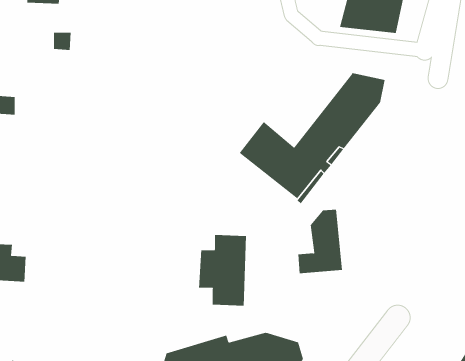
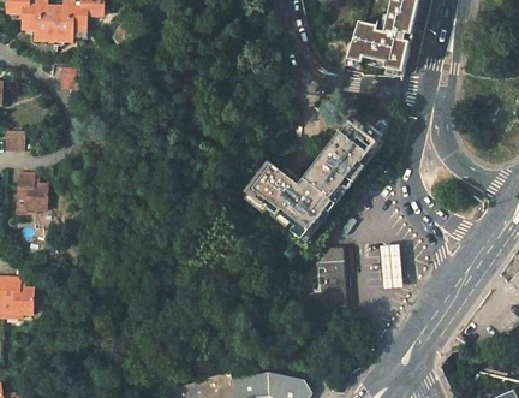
building: none -> [17,177,49,214]
building: none -> [377,244,401,289]
building: [198,234,246,306] -> none

